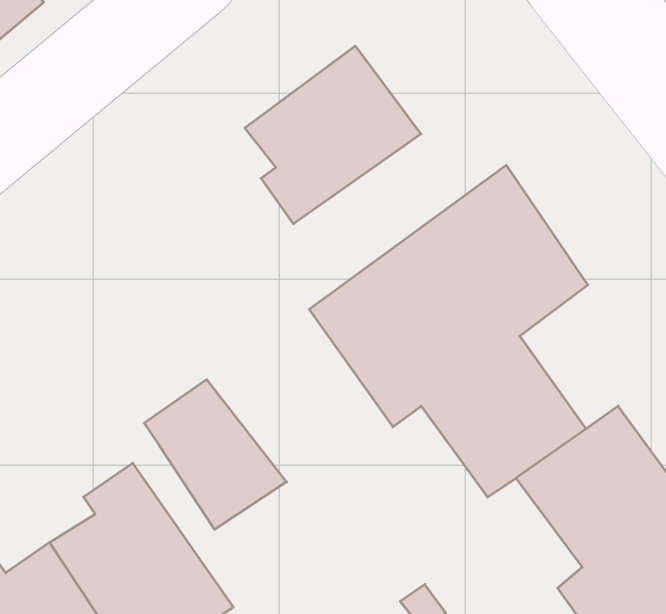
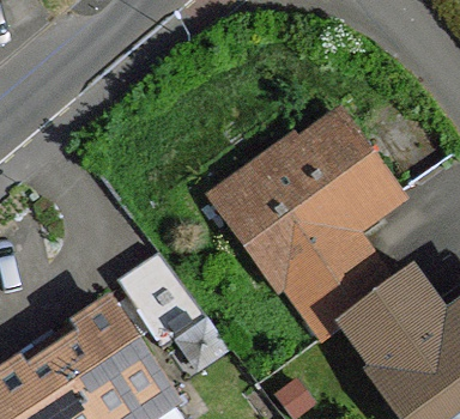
building: [245,46,421,224] -> none

